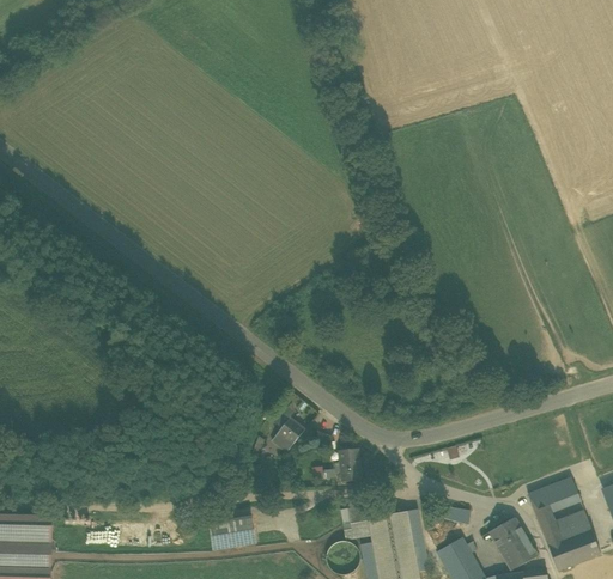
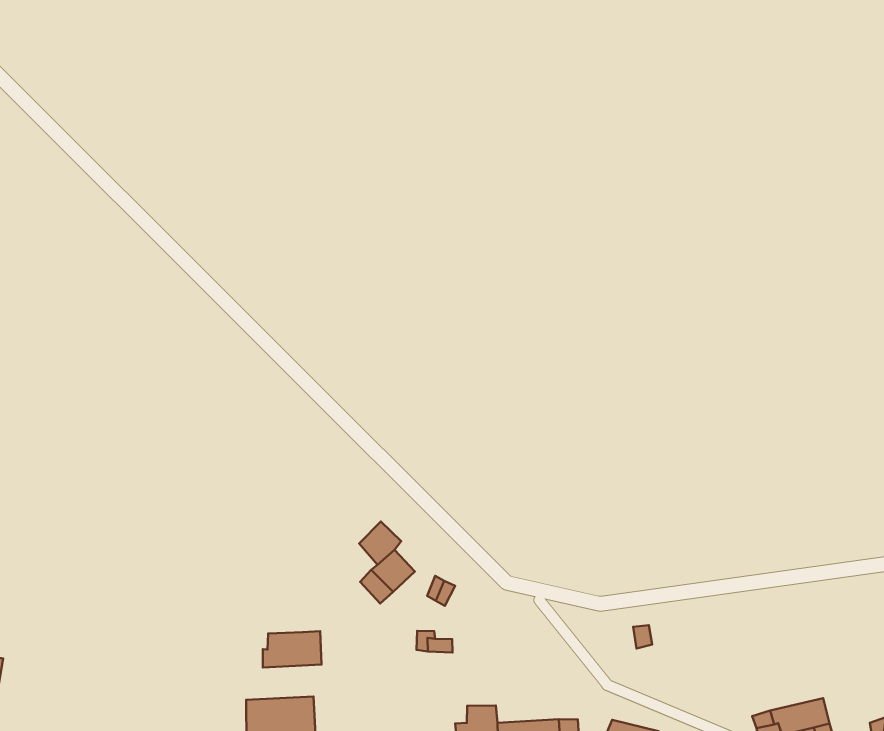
building: [338,449,360,481] -> none
building: none -> [263,631,321,667]

